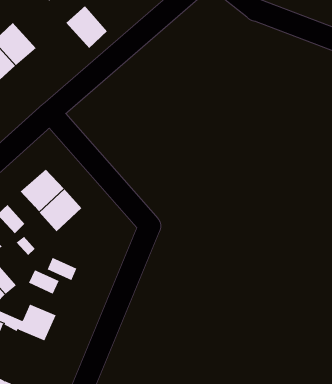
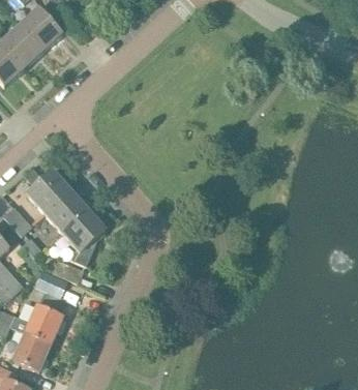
building: [65,5,108,49] -> [20,6,62,50]
building: none -> [63,209,106,265]
building: none -> [12,330,52,370]

